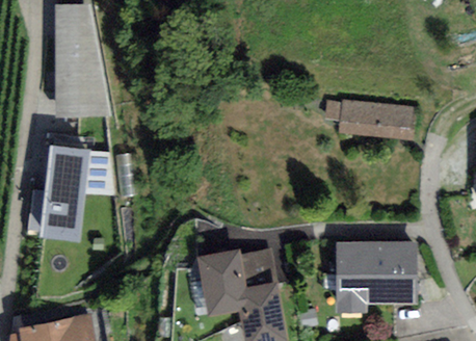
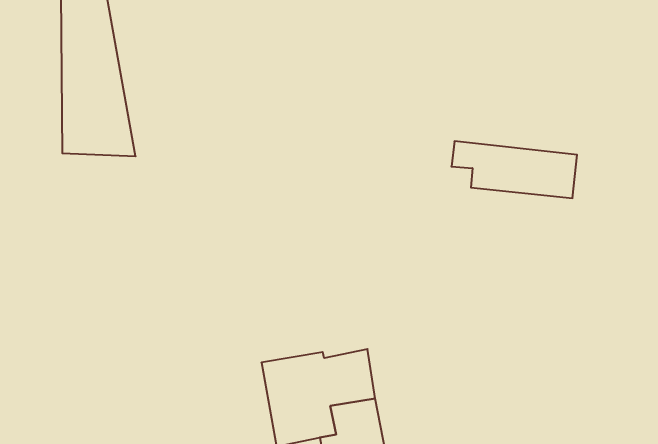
building: [42,141,89,232] -> none
building: [337,244,414,299] -> none

